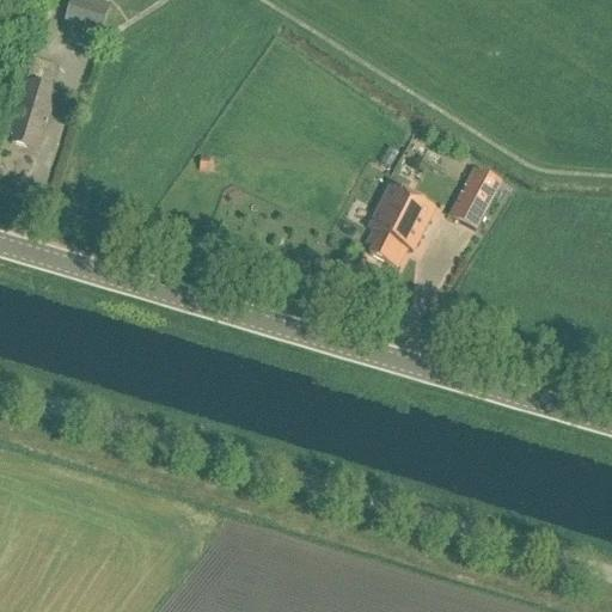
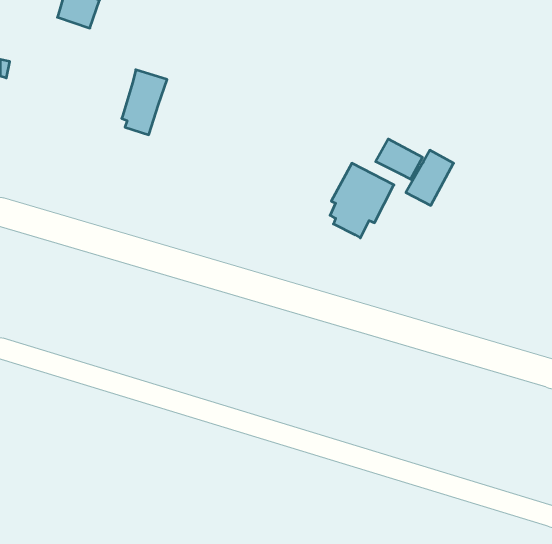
building: [7,74,57,146] -> [122,70,167,135]
building: none -> [376,139,422,179]

